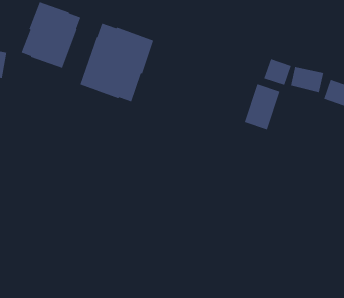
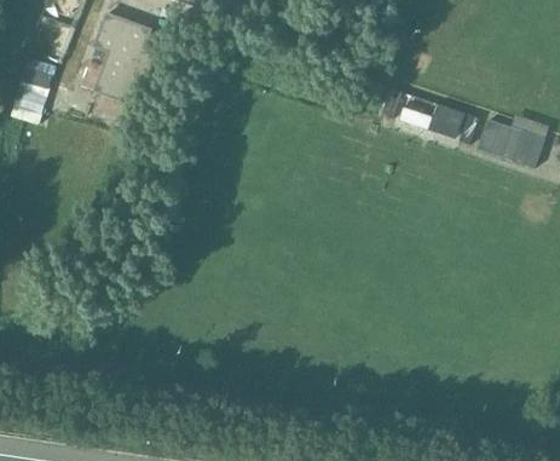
building: [79,22,154,103] -> none
building: [244,83,281,130] -> none

